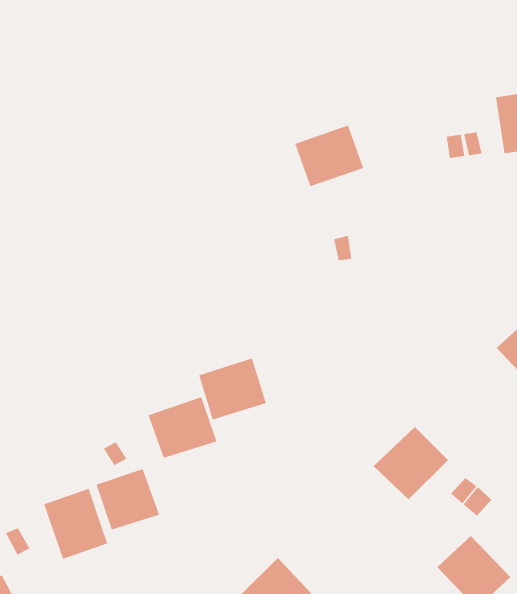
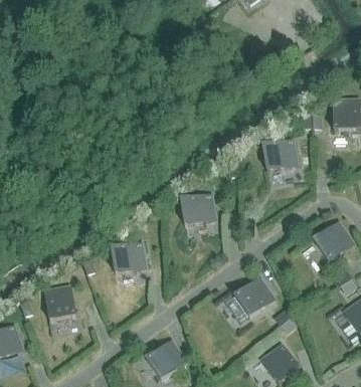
building: [294,124,364,187] -> [261,139,299,171]
building: [198,358,267,421] -> [180,194,216,226]
building: [95,468,160,531] -> none

